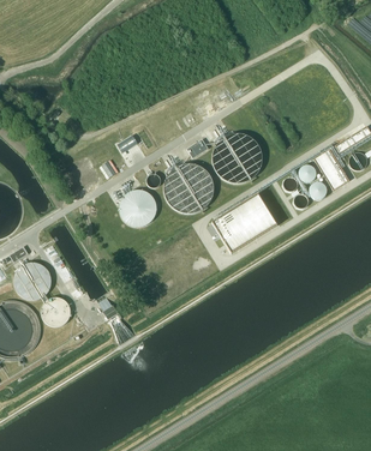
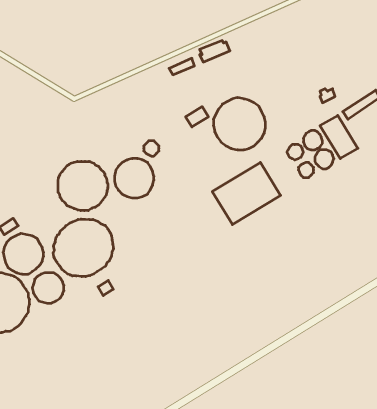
building: [163,164,214,214] -> none
building: none -> [58,161,108,211]
building: none -> [53,219,113,277]

